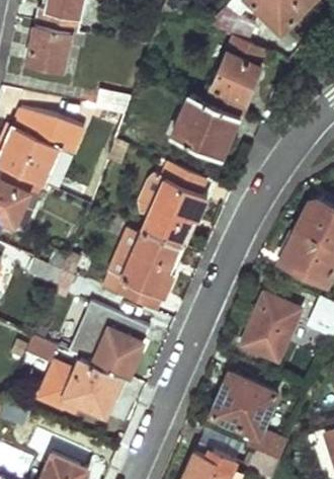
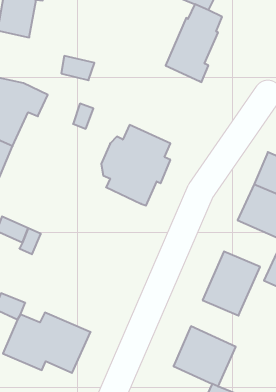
building: [169,93,240,160] -> none
building: [104,227,179,310] -> none
building: [69,303,151,380] -> none

